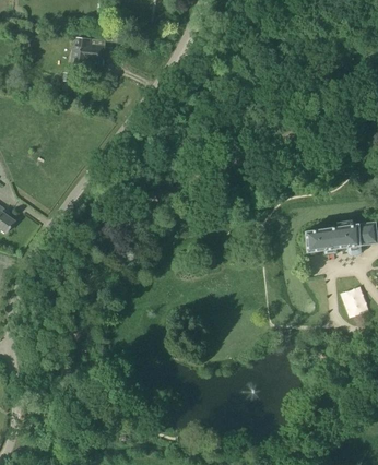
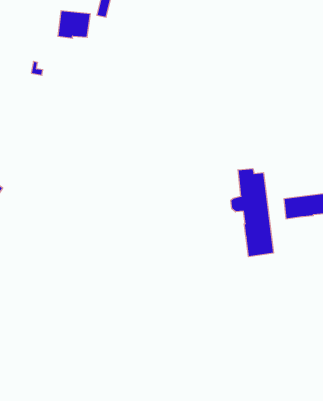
building: none -> [231,169,273,257]

